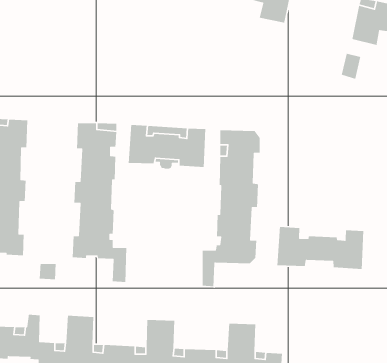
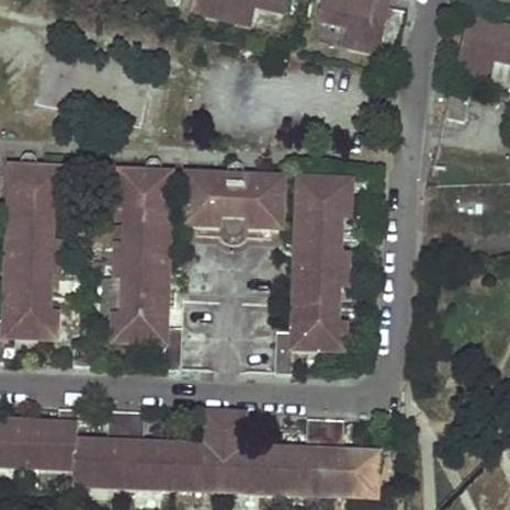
building: [277,226,364,270] -> none

